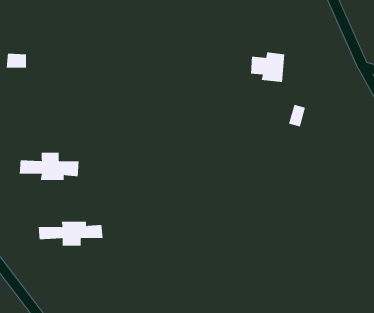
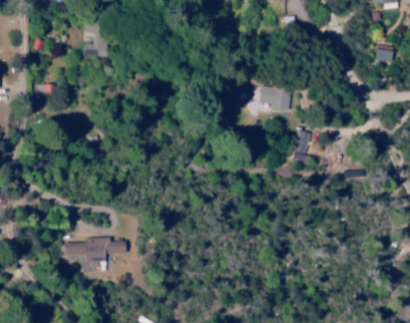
building: [19,152,79,181] -> none

